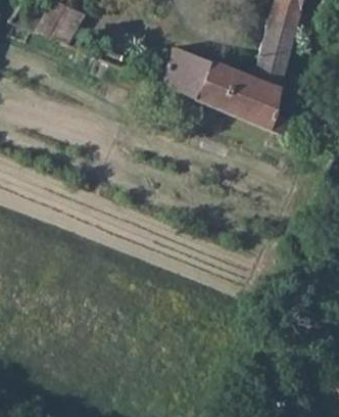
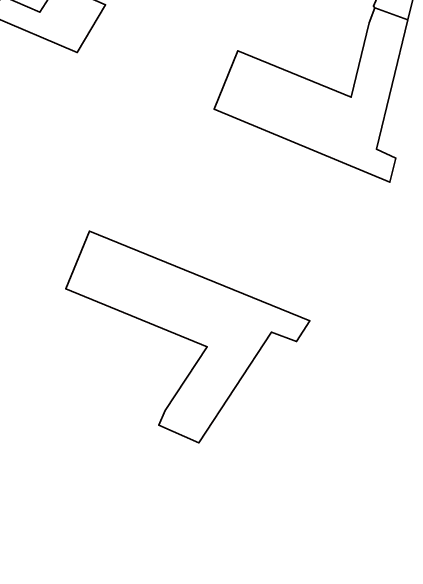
building: none -> [66,231,310,443]

